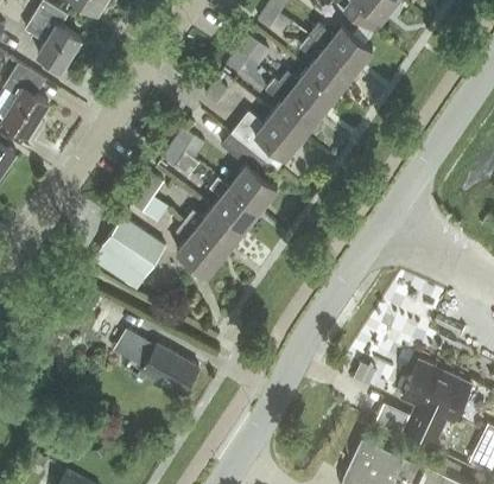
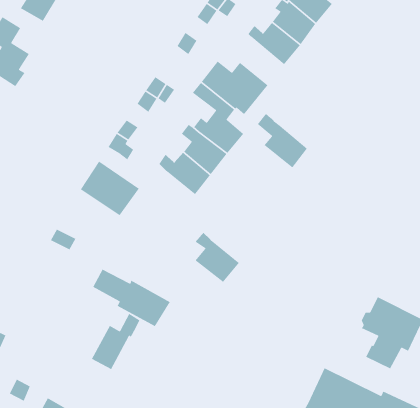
building: [265,78,319,138] -> [257,113,308,168]
building: [176,222,224,276] -> [194,232,240,283]
building: none -> [91,313,140,370]

